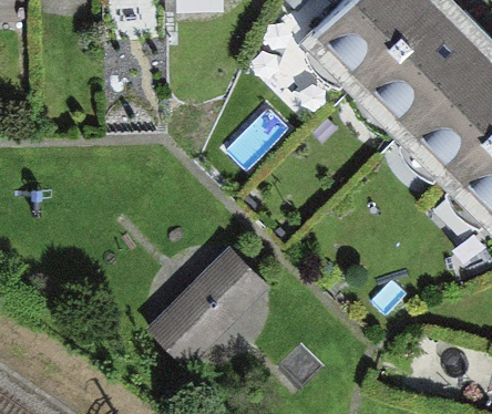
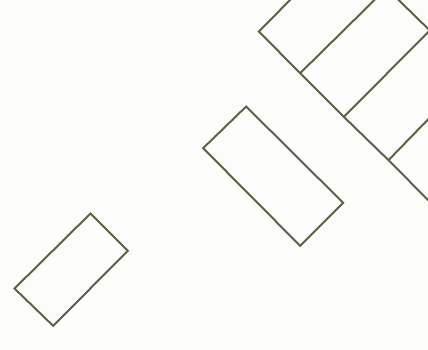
building: none -> [203,106,343,246]
building: [145,241,269,364] -> [15,213,128,326]

